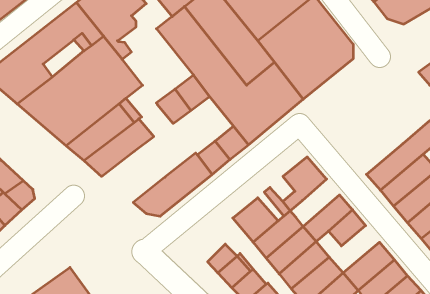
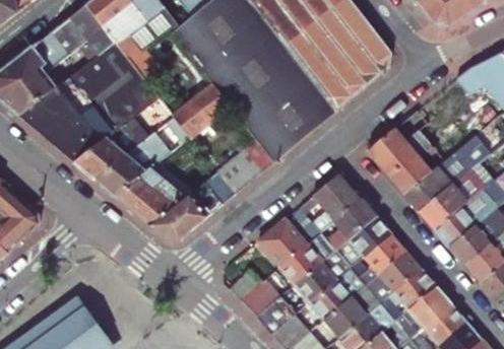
building: none -> [367,127,443,192]
building: none -> [114,166,183,222]
building: none -> [326,197,374,249]
building: none -> [363,248,418,299]

